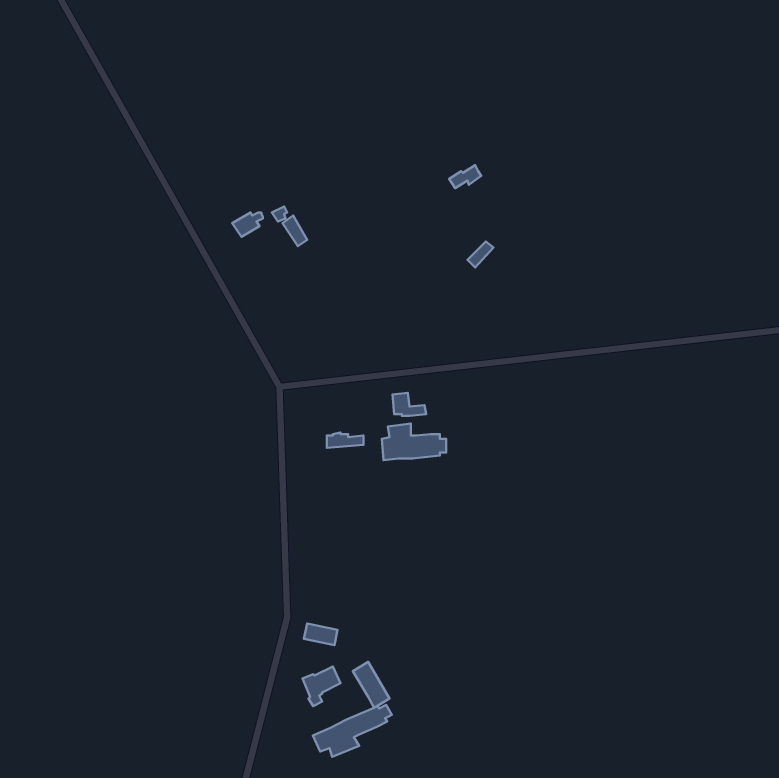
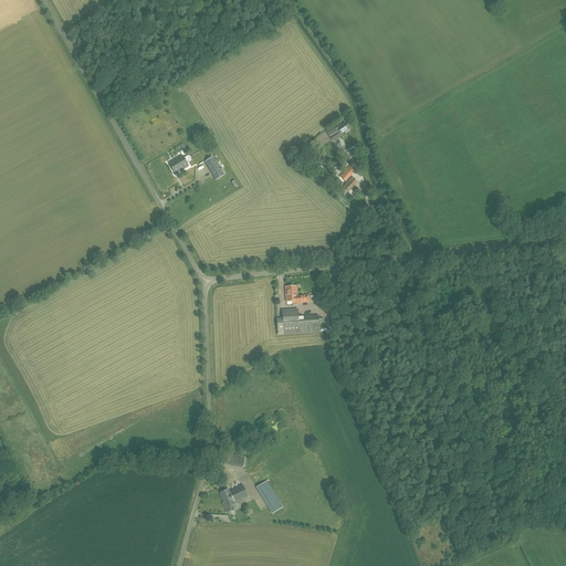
building: [313,705,392,757] -> none

